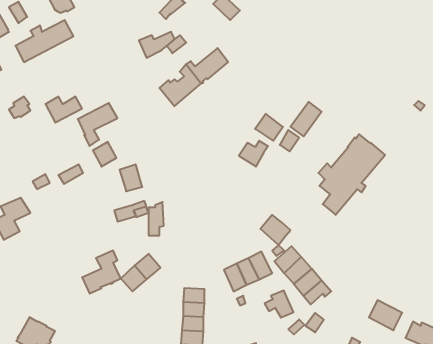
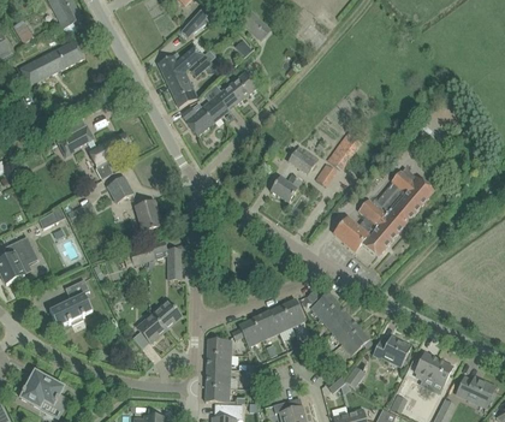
building: none -> [166,72,195,106]
building: [260,215,290,245] -> [334,216,368,250]
building: [82,251,121,294] -> [49,279,93,327]
building: none -> [373,334,411,365]
building: [265,291,294,318] -> [231,317,263,347]

